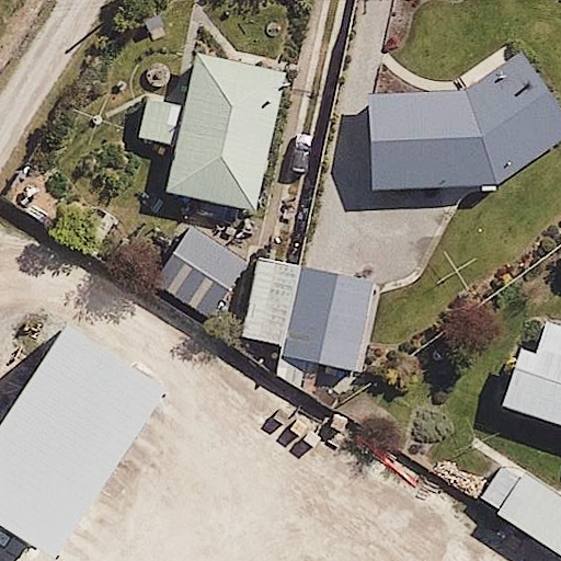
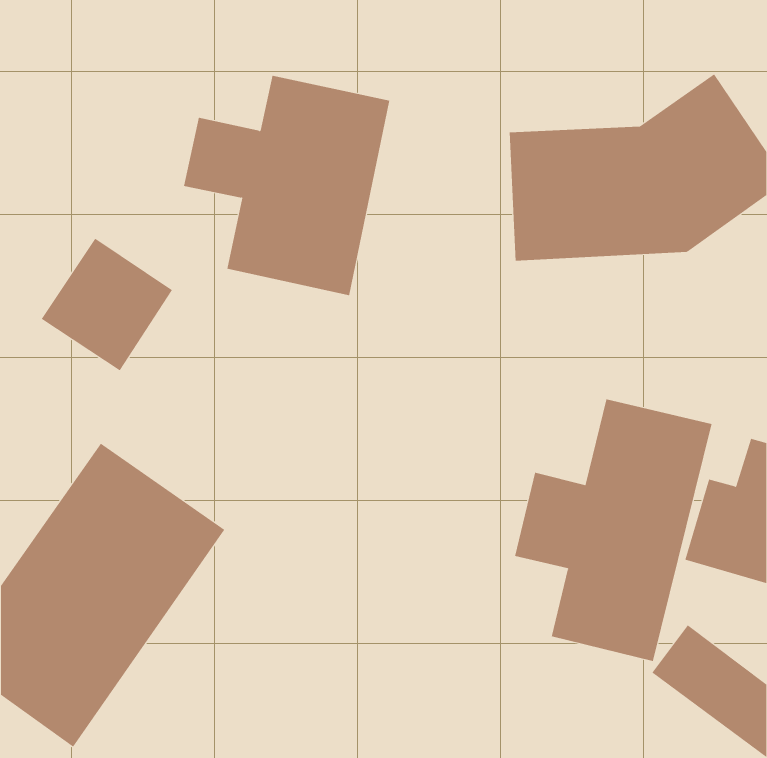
building: [149,224,245,321] -> [41,238,173,371]
building: [239,255,371,371] -> none
building: none -> [515,398,712,662]

